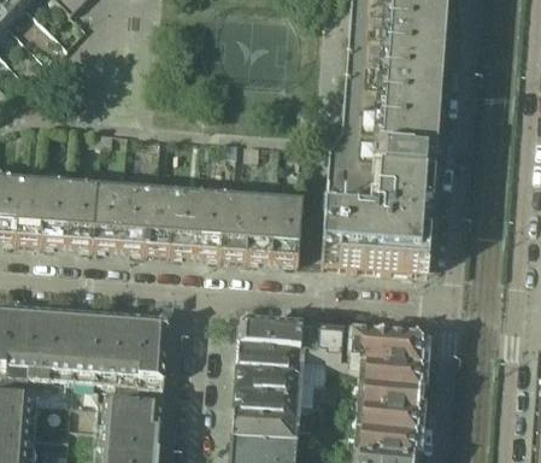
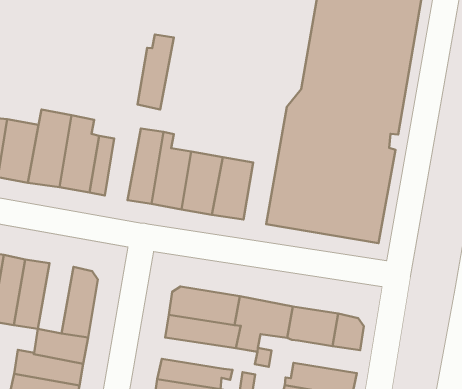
building: [169,178,196,248] -> [138,34,174,109]
building: [118,315,146,380] -> none
building: [361,364,423,389] -> none
building: [237,374,306,398] -> none

